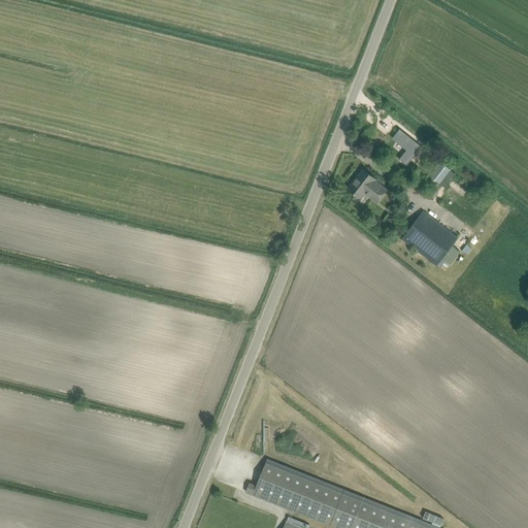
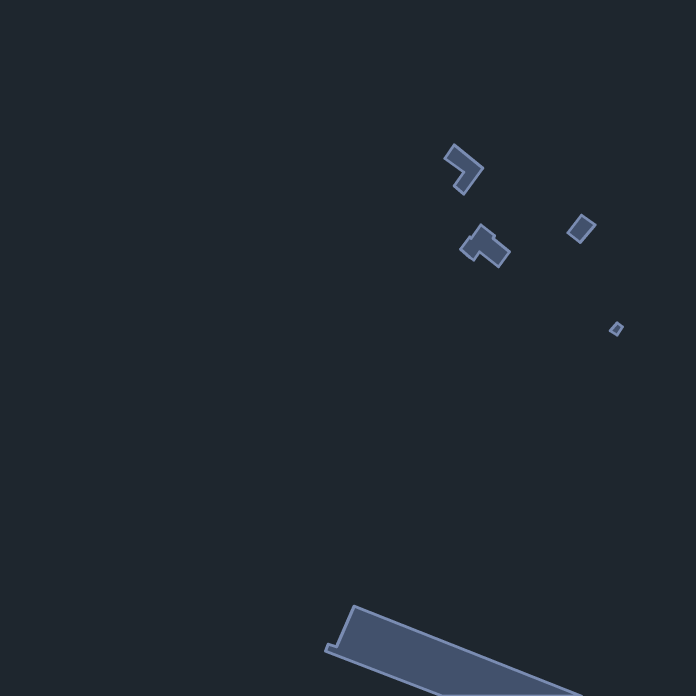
building: [393,129,422,166] -> [445,145,483,194]
building: [401,211,457,266] -> none

